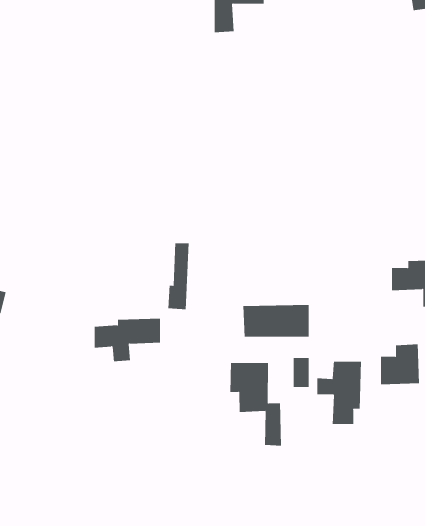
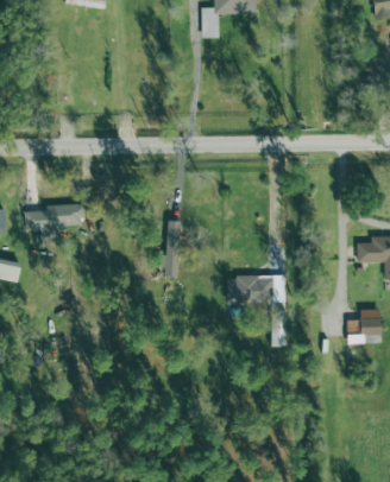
building: [94,318,161,362] -> [25,204,83,242]
building: [317,361,361,425] -> none
building: [230,362,281,447] -> none

